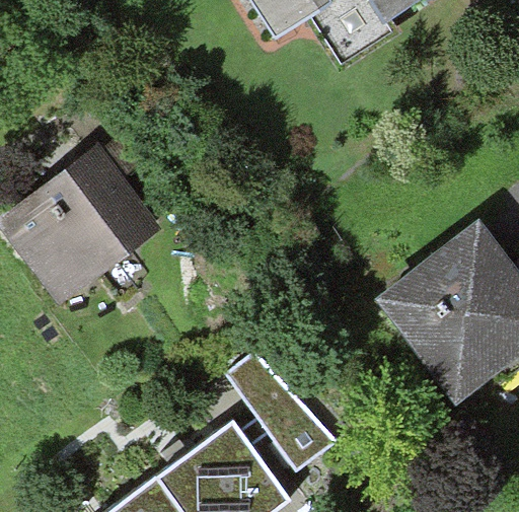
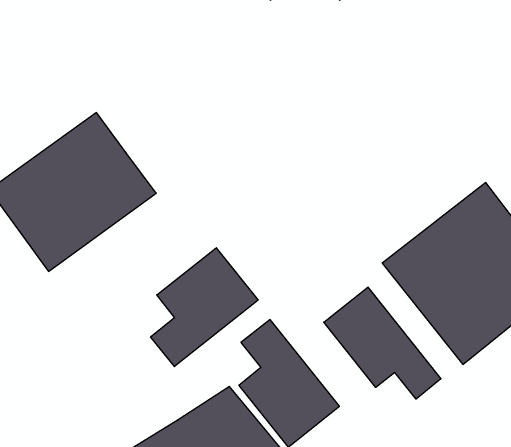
building: none -> [151,248,258,367]
building: none -> [324,287,441,399]

